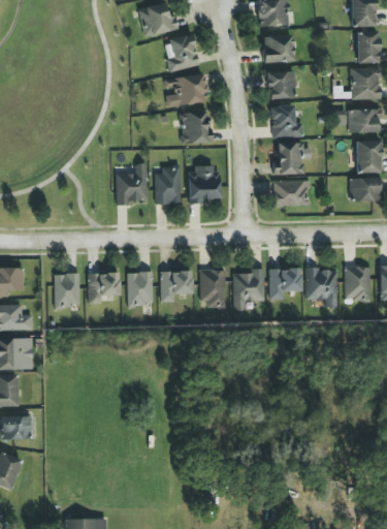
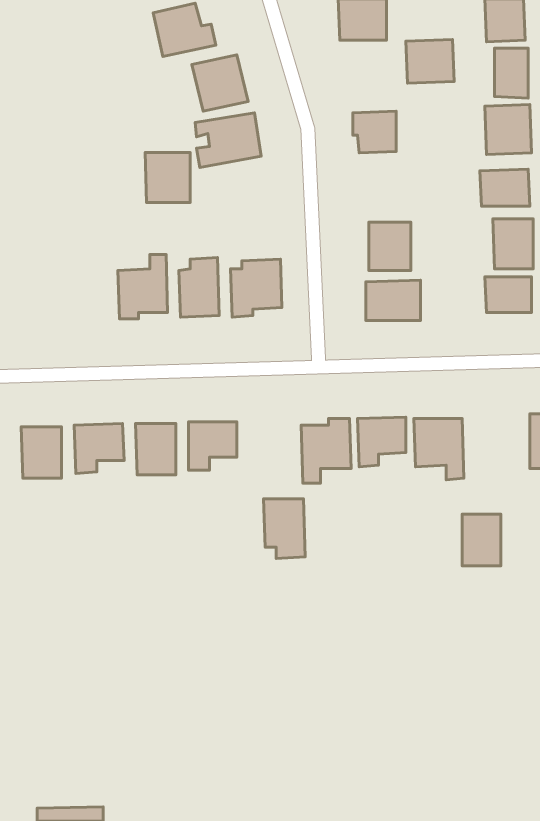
building: [262,34,293,62] -> [406,40,454,83]
building: [271,105,303,136] -> none
building: [181,111,209,143] -> [145,152,190,202]
building: [346,267,370,300] -> [462,514,501,566]
building: [199,270,226,308] -> [263,499,305,559]

